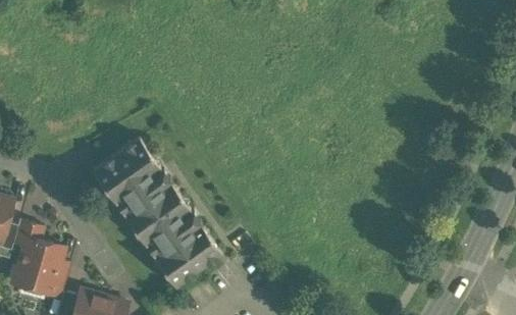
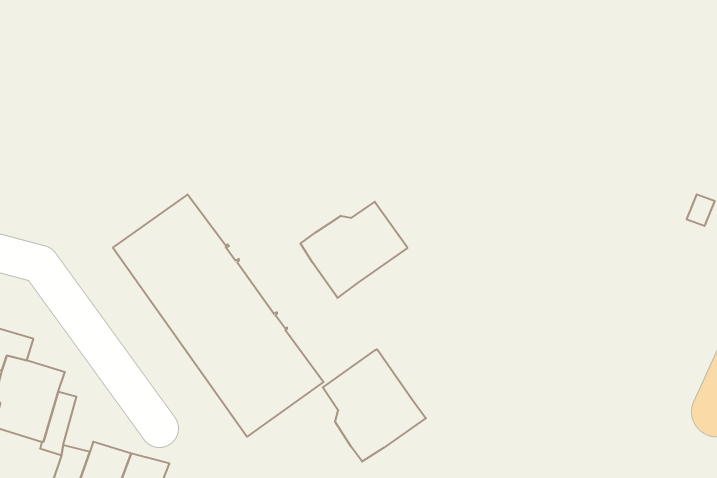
building: none -> [301,202,407,298]
building: none -> [323,349,426,462]

